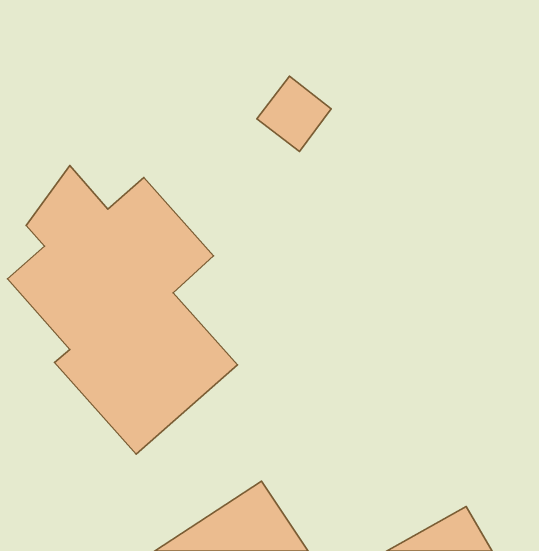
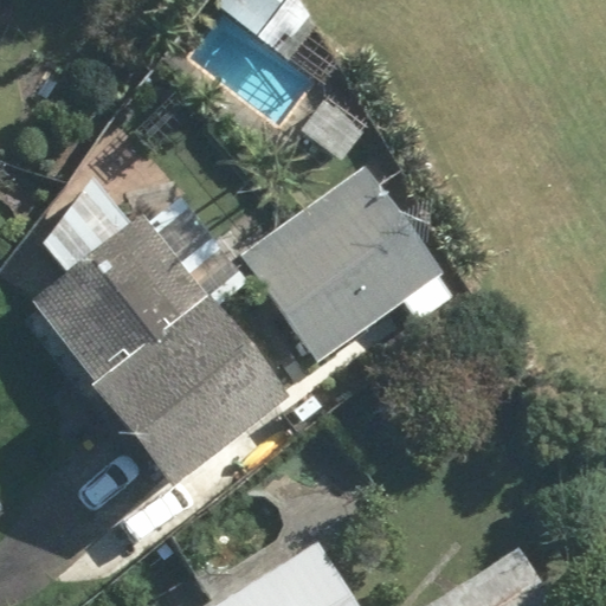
building: none -> [244,169,443,366]

